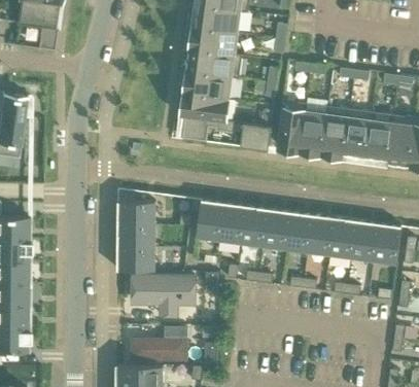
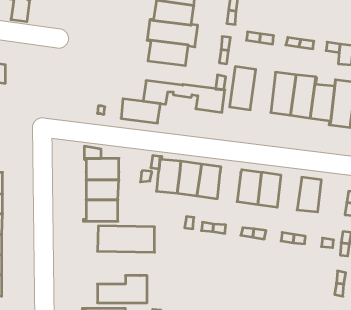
building: [185,95,229,121] -> [121,99,160,123]
building: [300,104,327,151] -> none
building: [264,211,290,249] -> none
building: [329,220,356,258] -> none
building: [374,225,401,263] -> none

